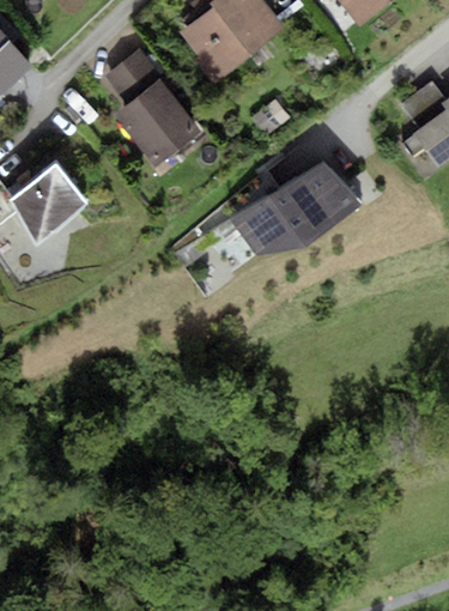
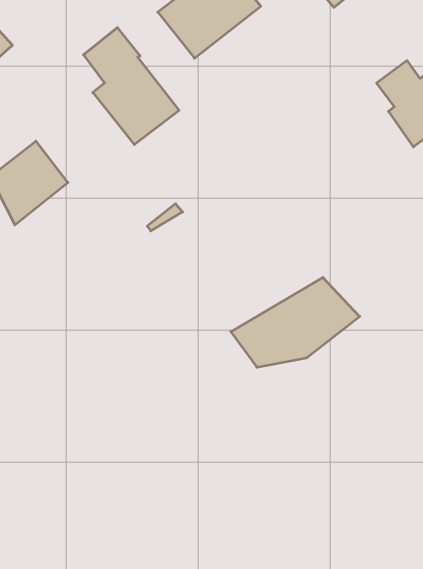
building: [230,162,360,253] -> [231,277,360,367]

